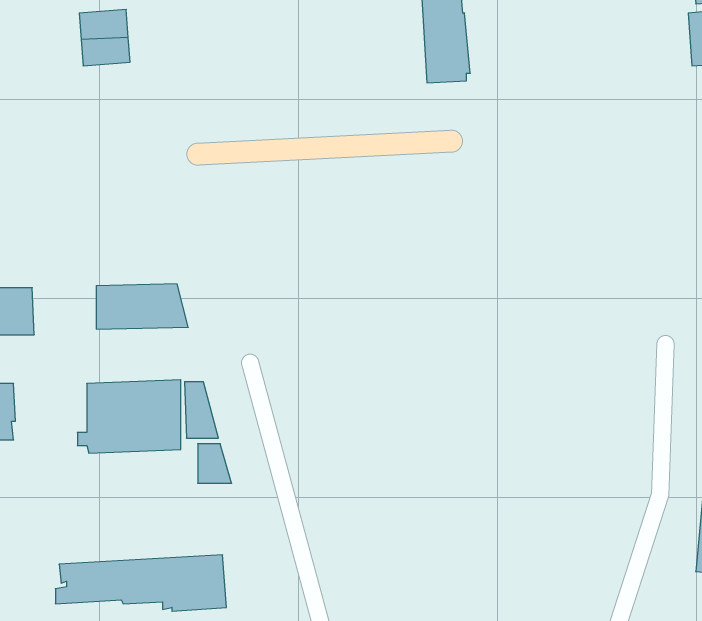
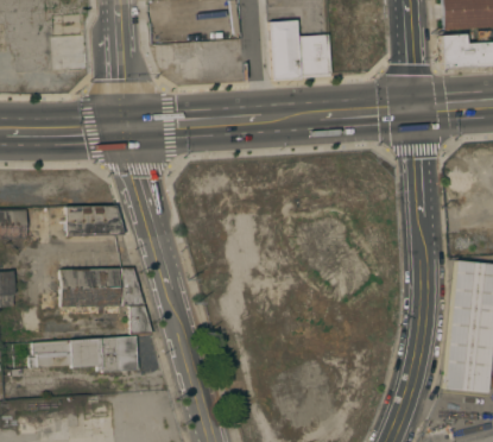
building: none -> [299,33,331,74]
building: [55,555,226,611] -> [30,336,138,372]

